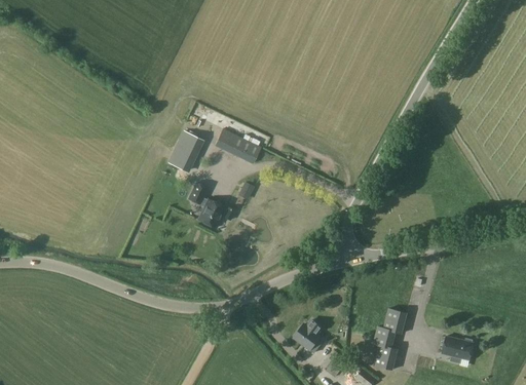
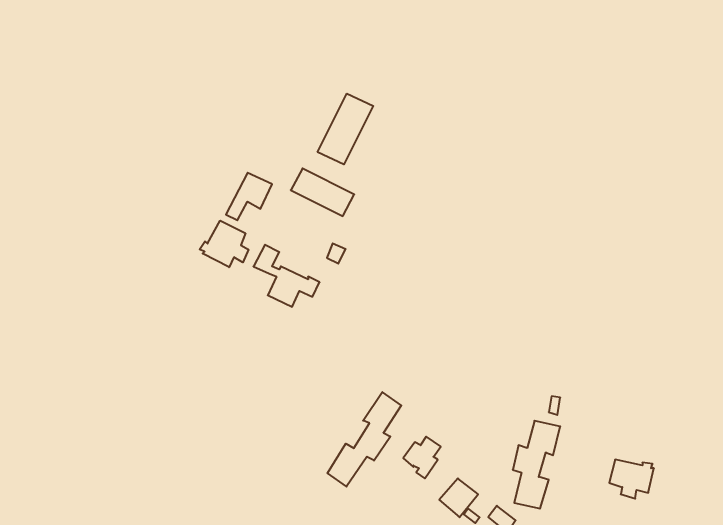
building: none -> [318,94,373,164]
building: none -> [200,221,248,267]
building: none -> [327,392,401,487]

